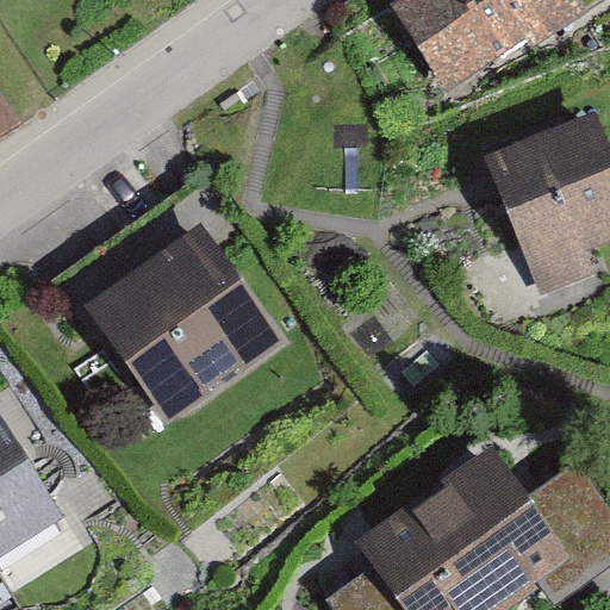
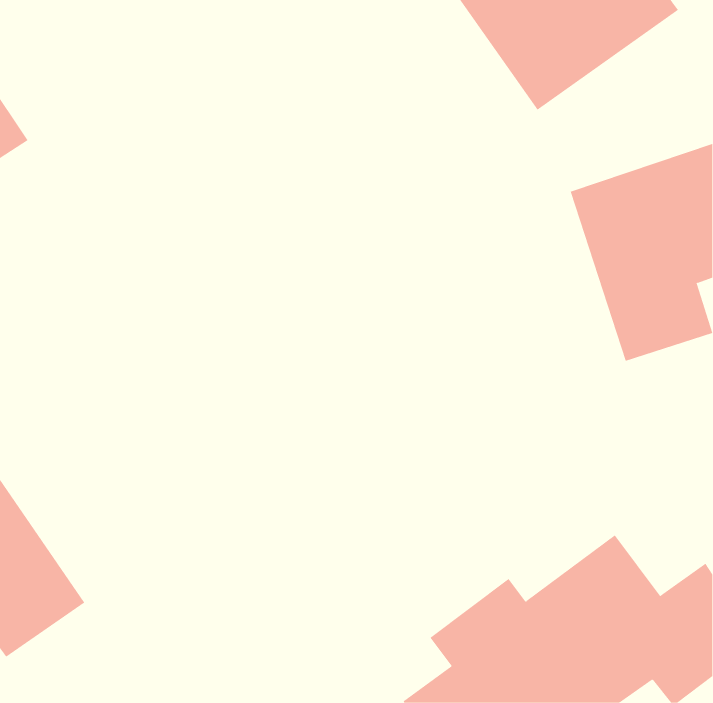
building: [83,217,297,418] -> none

